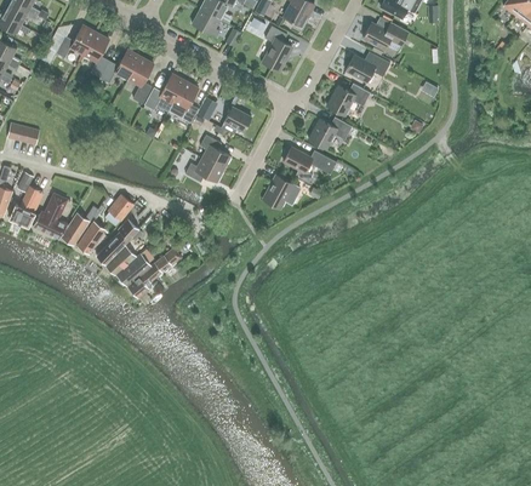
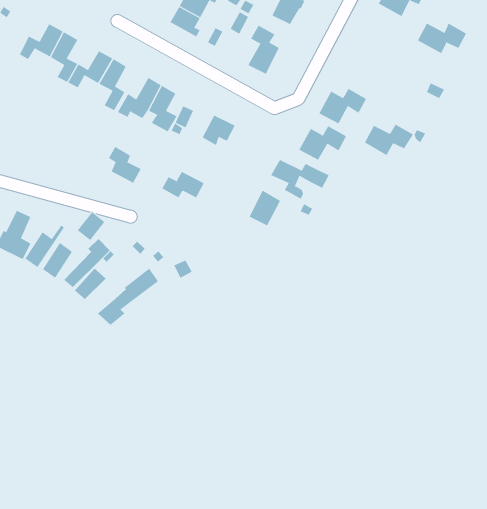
building: [362,22,407,50] -> [417,23,467,54]
building: [346,53,390,82] -> [364,124,414,156]
building: [200,135,230,168] -> [108,146,142,184]
building: [115,251,152,286] -> none

